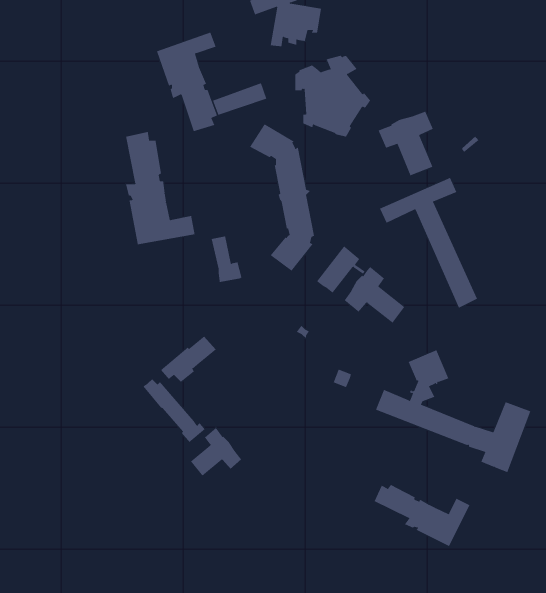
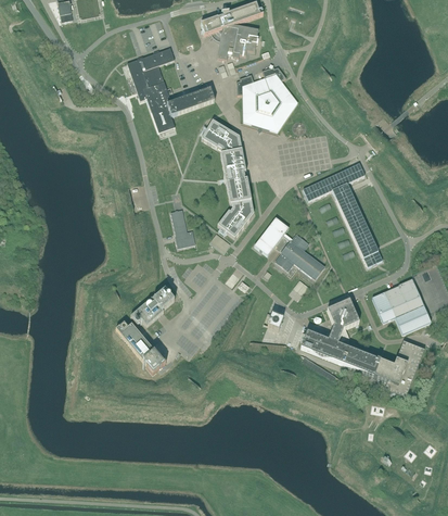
building: [378,111,434,176] -> none
building: [126,131,195,245] -> none
building: none -> [372,278,431,333]
building: [190,427,242,477] -> none
building: [374,484,470,547] -> none

